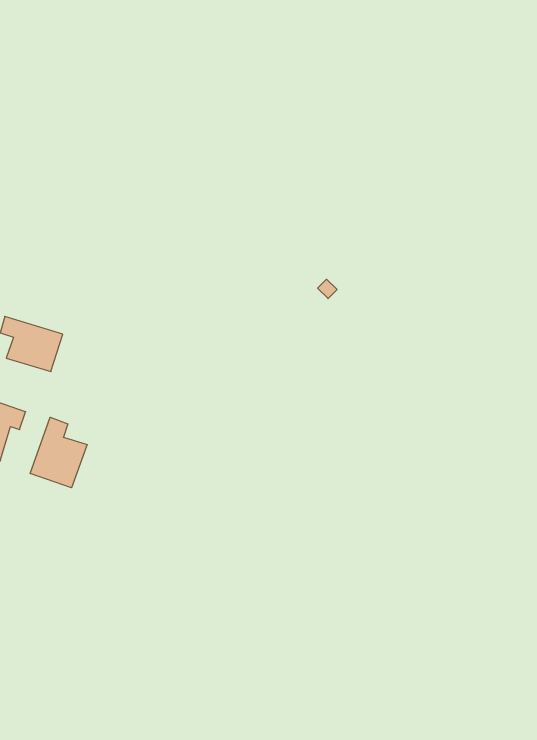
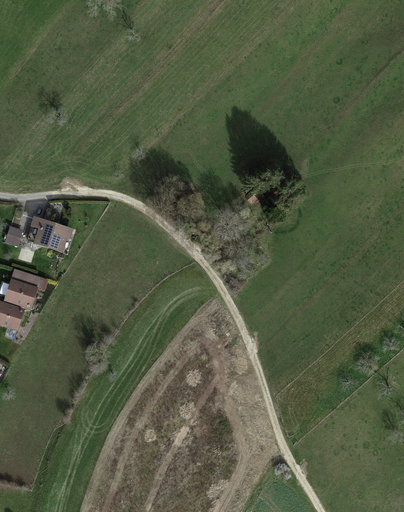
building: [30,417,87,488] -> none

